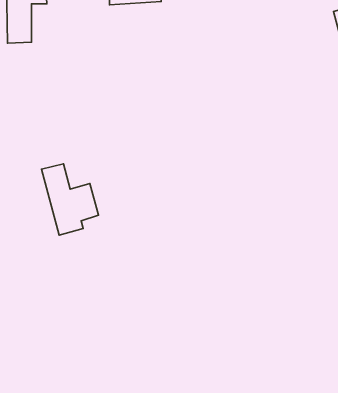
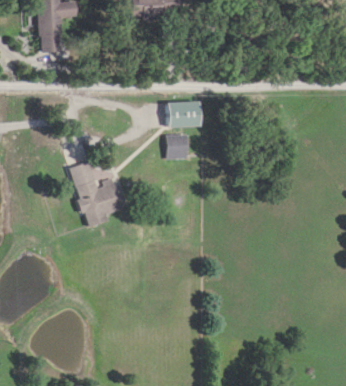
building: none -> [167,101,201,126]
building: none -> [166,134,188,158]

